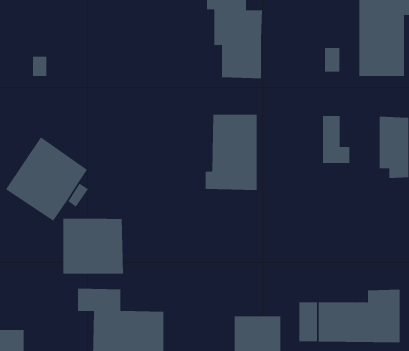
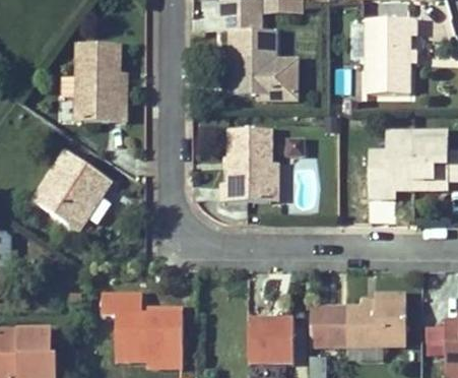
building: none -> [75,44,126,123]
building: none -> [275,58,299,101]
building: [322,115,350,164] -> [369,151,395,197]
building: [63,218,123,274] -> none

